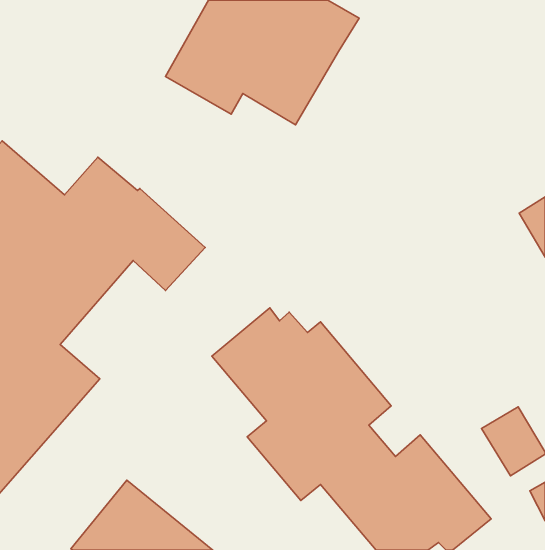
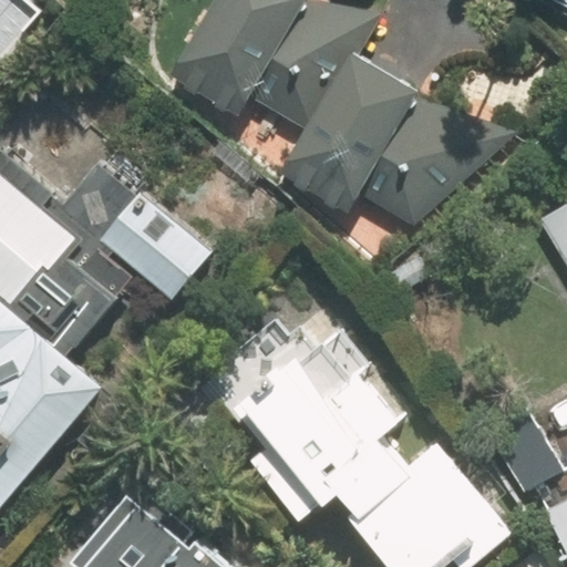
building: none -> [278,53,515,226]

